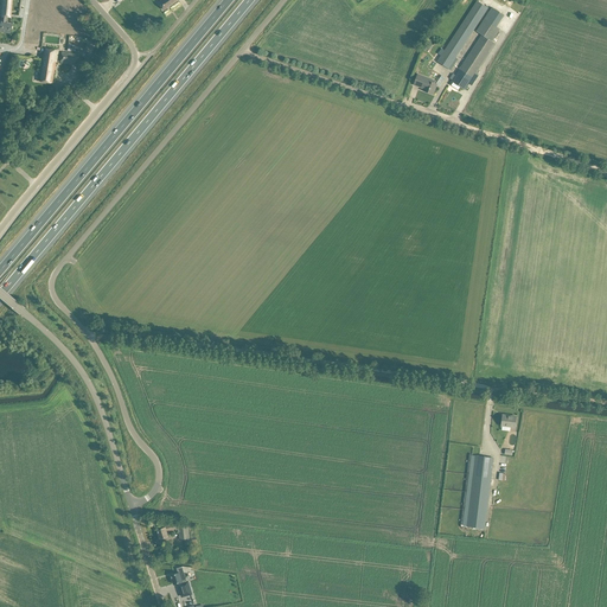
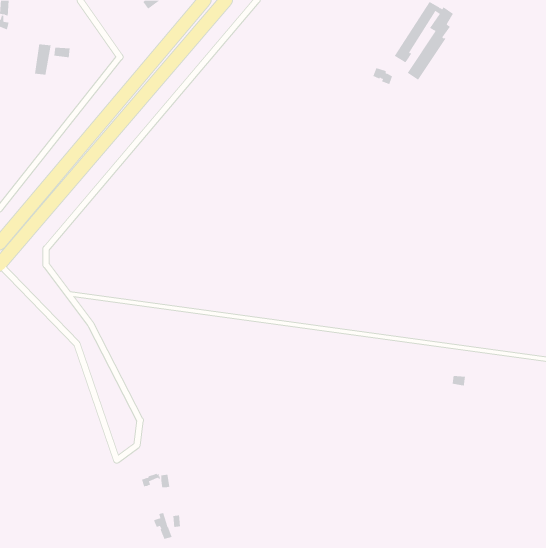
building: [466,455,492,529] -> none

